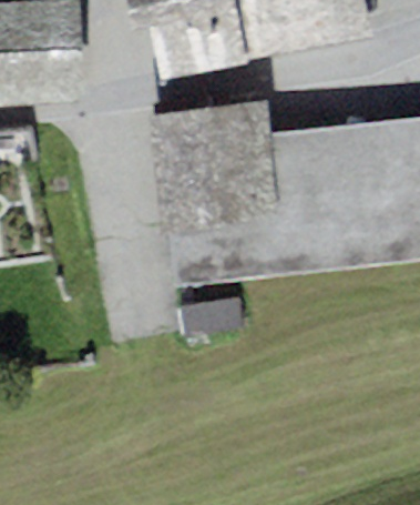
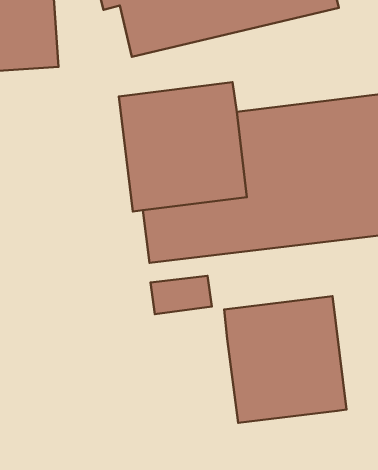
building: none -> [224,296,346,423]

